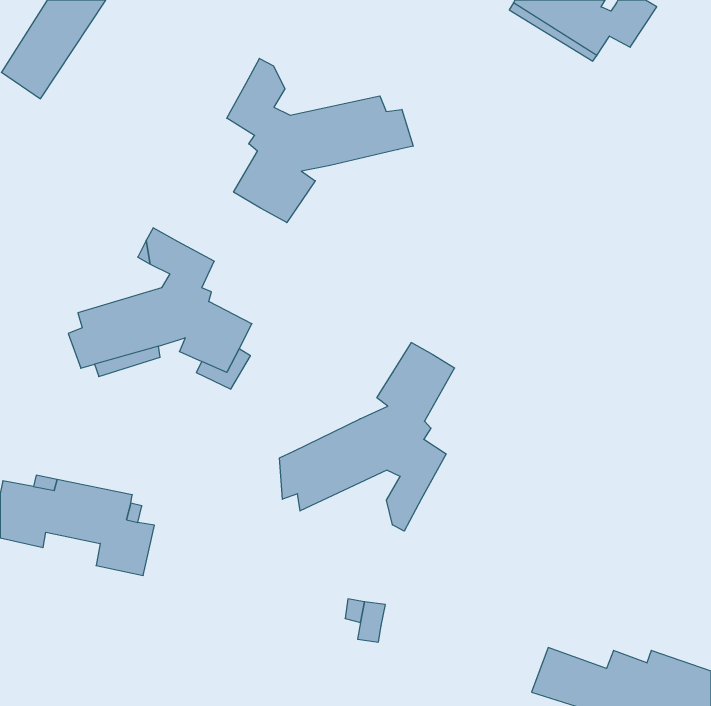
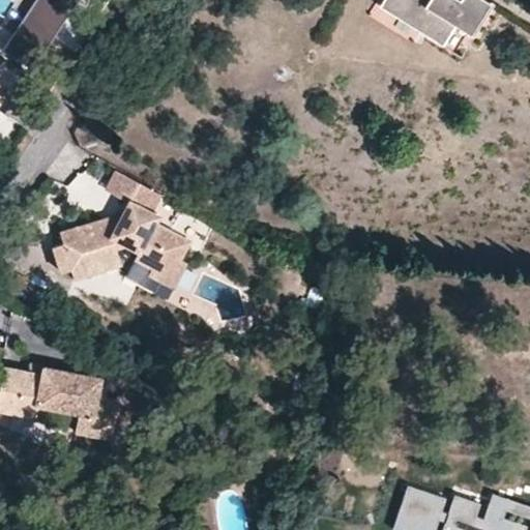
building: [227,58,413,223] -> none
building: [280,343,455,531] -> none

